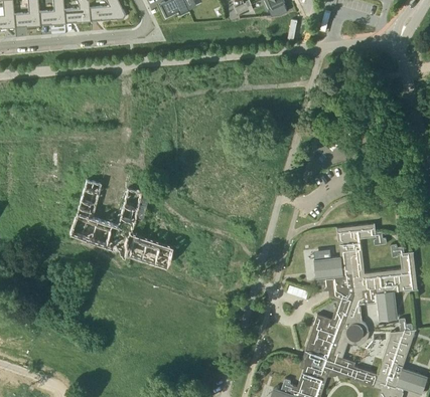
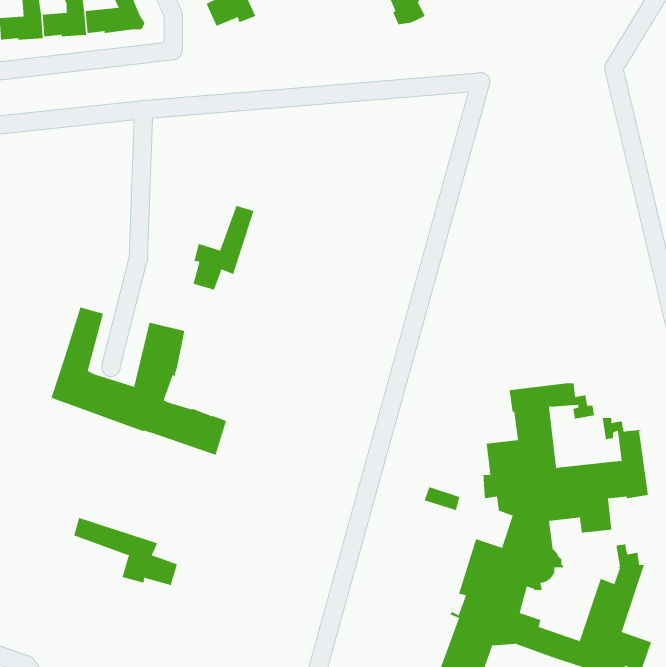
building: none -> [193,205,254,290]
building: none -> [74,517,178,586]

